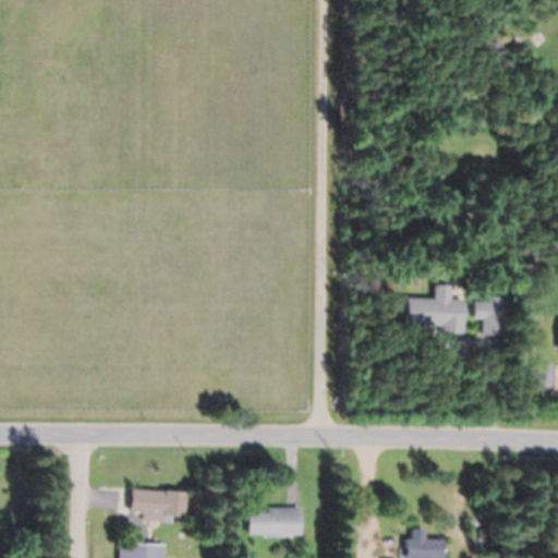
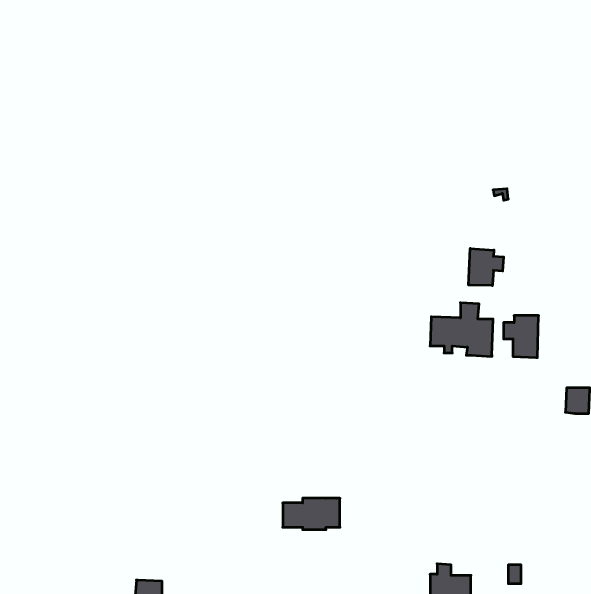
building: none -> [469,248,504,286]
building: [131,489,187,523] -> none
building: [250,508,303,537] -> [283,498,340,530]

